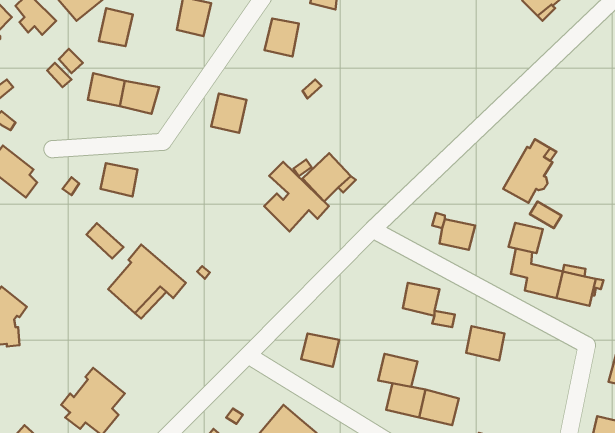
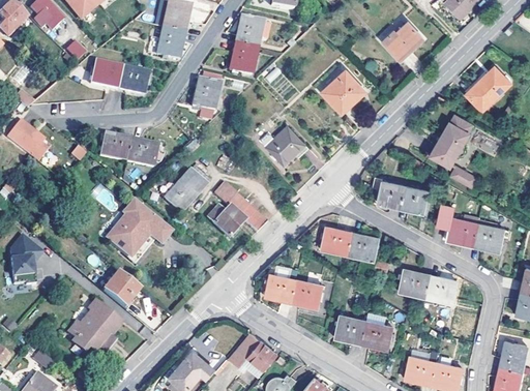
building: [99,8,133,46] -> [157,27,185,58]
building: none -> [383,22,423,60]
building: none -> [230,43,258,74]
building: none -> [468,66,511,110]
building: none -> [323,70,365,113]
building: [264,162,329,232] -> [209,182,262,239]
building: none -> [127,141,157,168]
building: none -> [166,172,207,214]
building: [509,223,543,253] -> [402,186,430,211]
building: none -> [321,227,352,253]
building: none -> [104,273,140,308]
building: none -> [426,274,459,302]
building: [378,354,417,387] -> [291,279,323,306]

